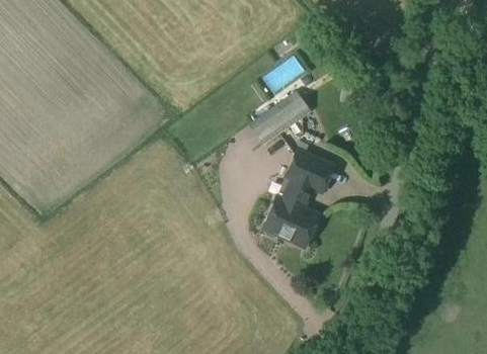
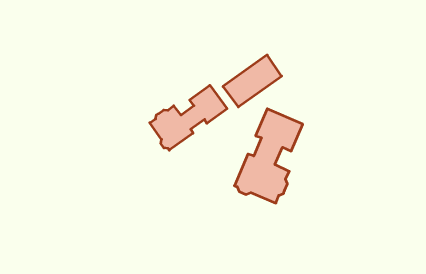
building: none -> [150,85,227,150]

